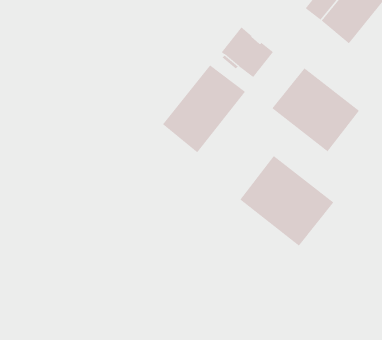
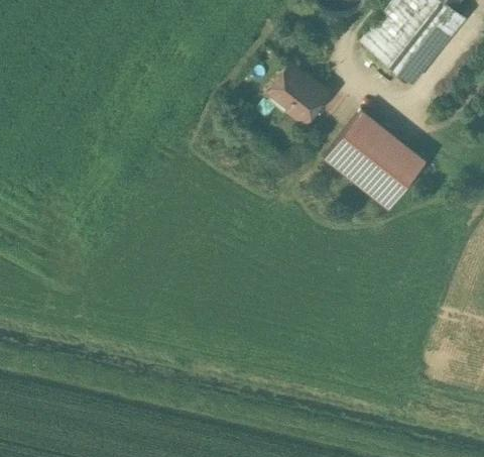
building: [162,64,246,153] -> none
building: [240,155,334,246] -> none

